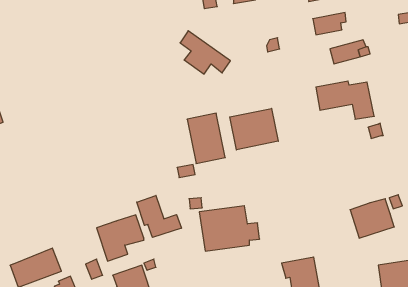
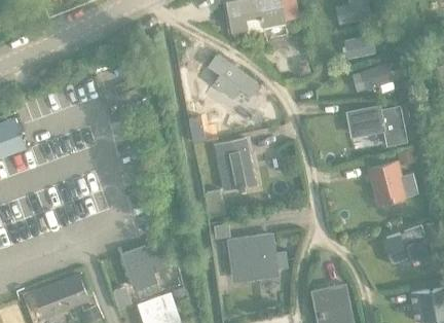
building: [230,108,278,150] -> none
building: none -> [372,163,420,202]
building: [137,195,181,237] -> none

